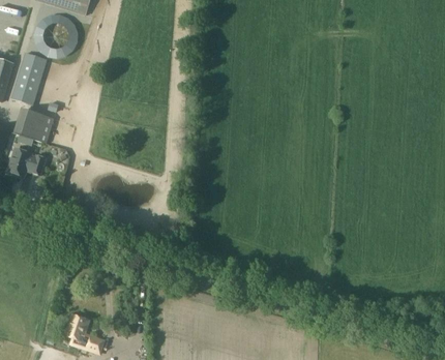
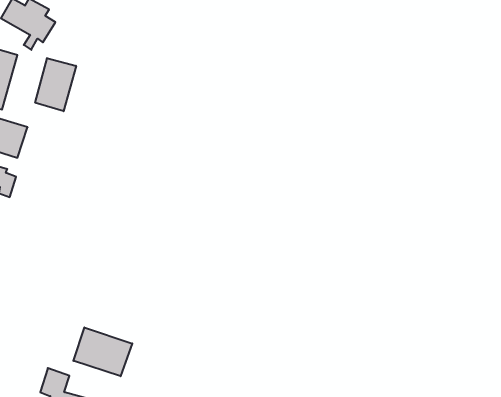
building: none -> [35,58,76,111]
building: none -> [73,327,132,376]

